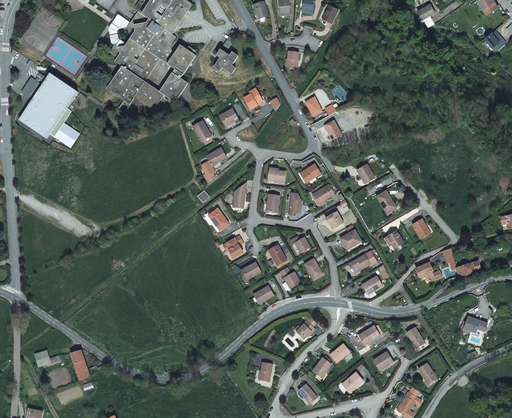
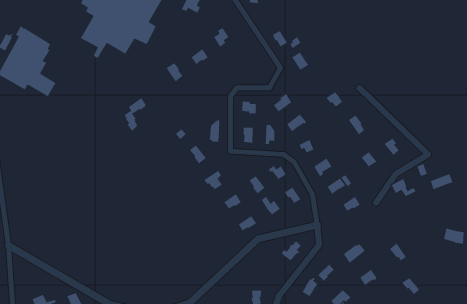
building: [200,147,225,182] -> [124,97,147,132]

